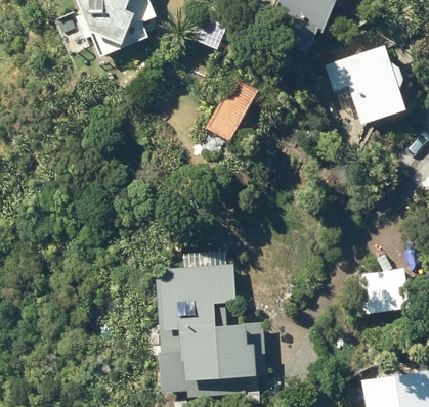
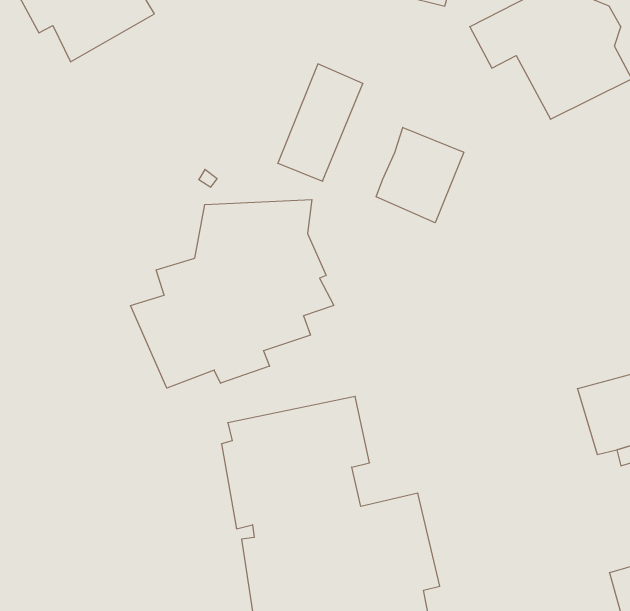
building: none -> [376,127,464,223]
building: none -> [131,200,334,388]

